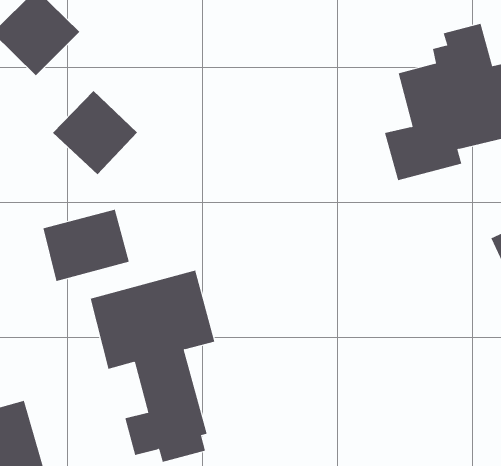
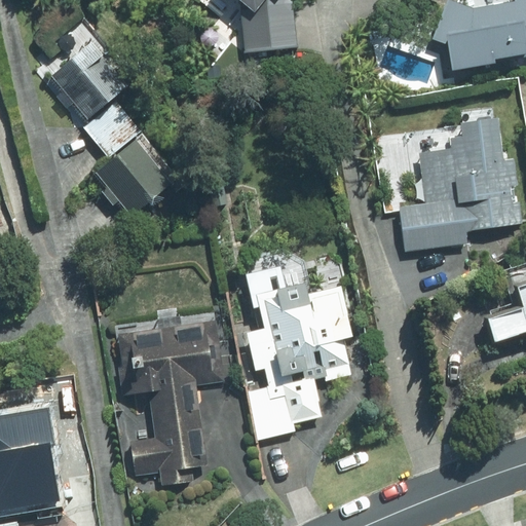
building: none -> [82,99,142,157]
building: [43,209,130,282] -> none
building: none -> [246,265,356,439]

